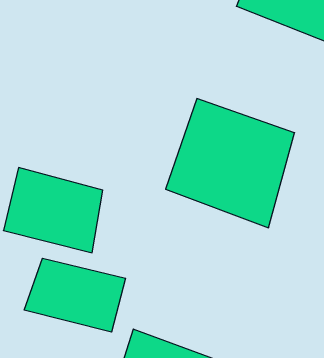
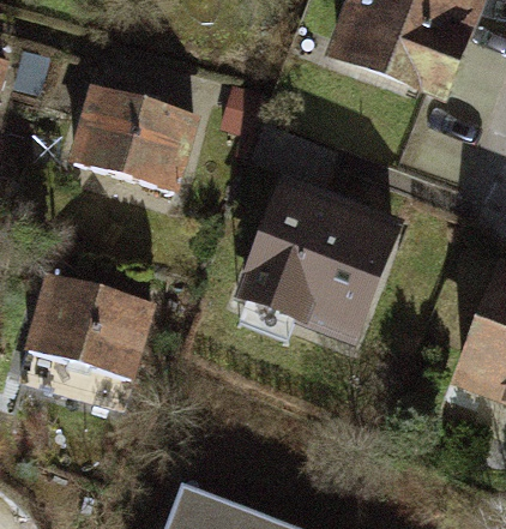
building: none -> [71,84,207,192]
building: [24,258,126,332] -> none

